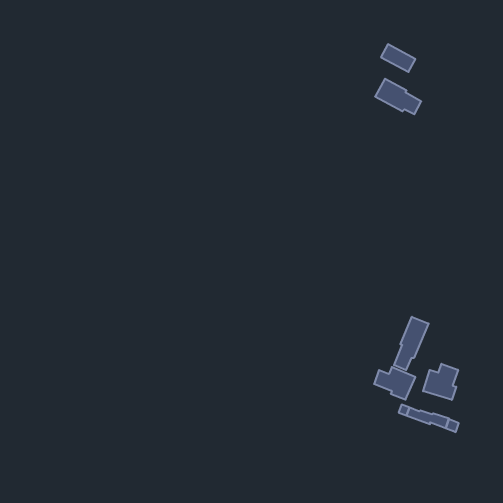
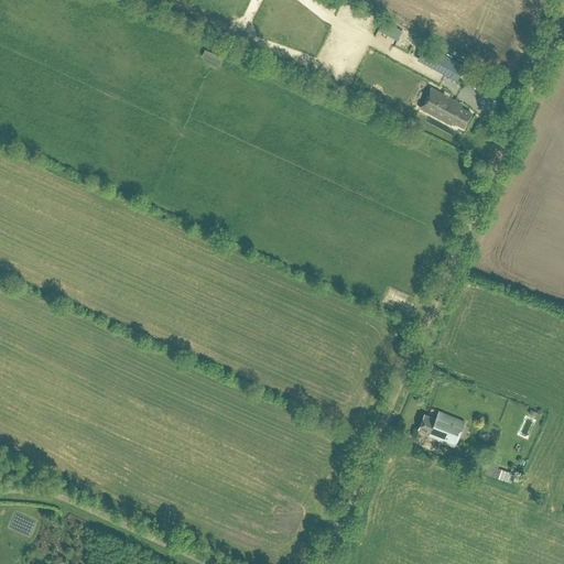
building: [394,317,429,370] -> none
building: [423,364,458,400] -> none

